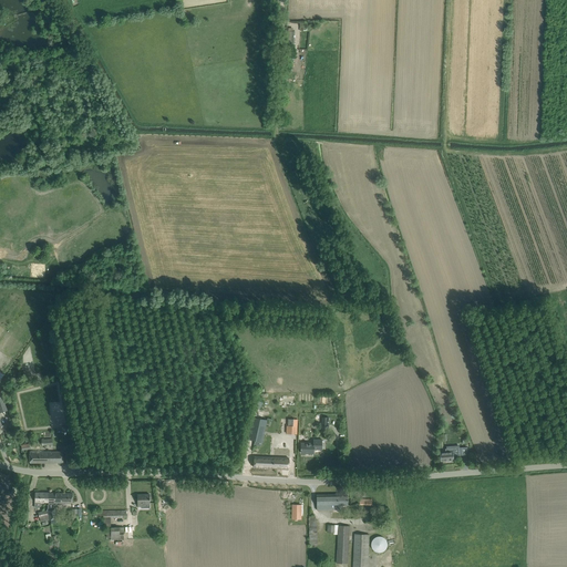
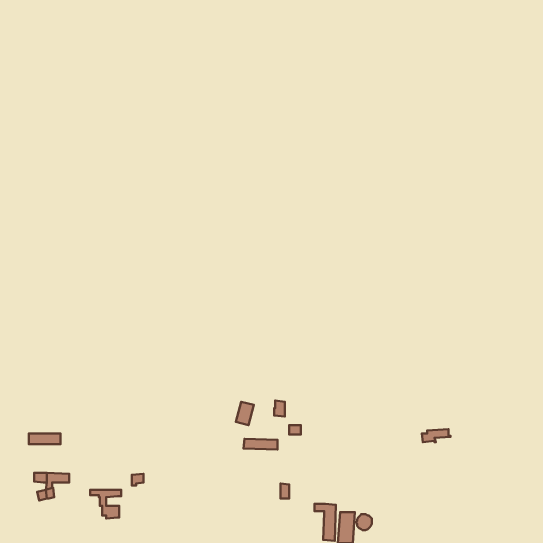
building: [317,494,348,509] -> none

